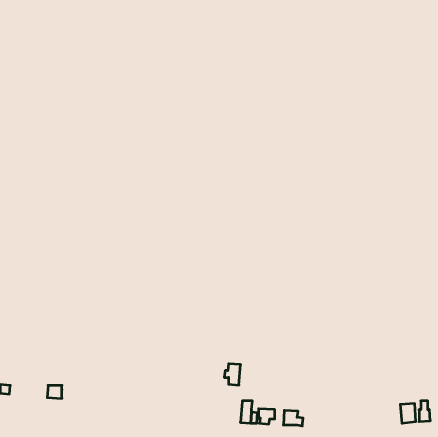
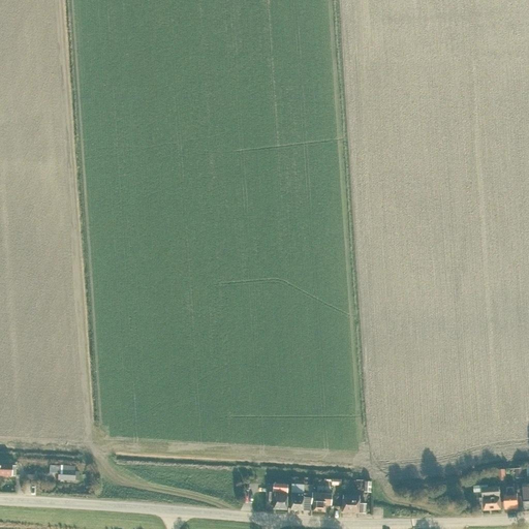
building: [224,364,241,385] -> [269,483,288,508]

